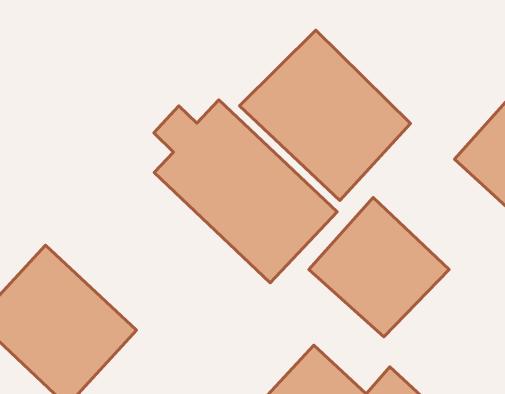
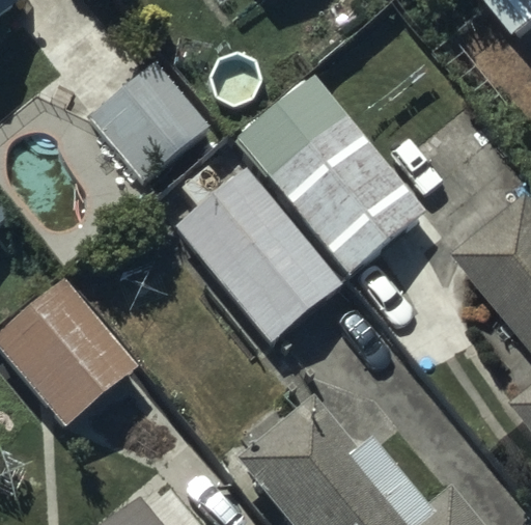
building: none -> [88,61,209,183]
building: [309,197,449,337] -> none

